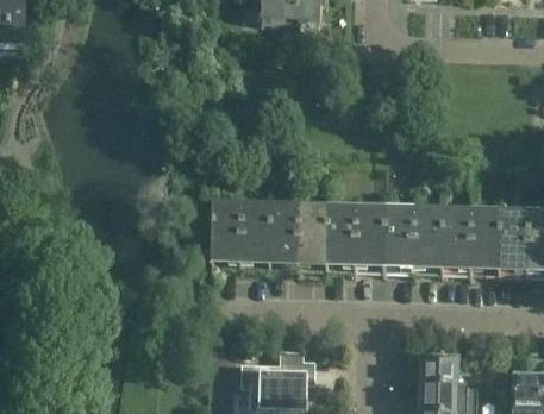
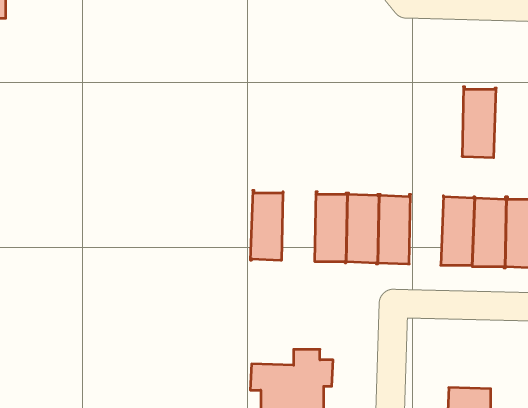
building: [212,202,243,265] -> none
building: [269,203,300,266] -> none
building: [384,206,415,270] -> [462,87,496,158]
building: [420,351,459,382] -> none

